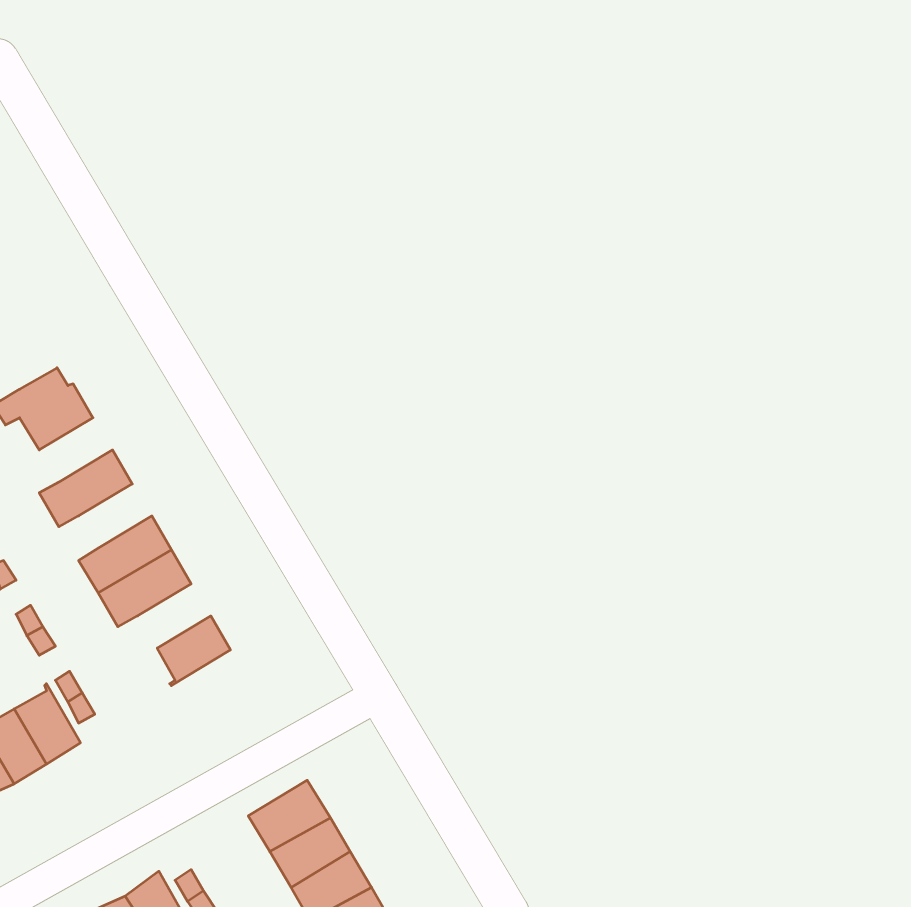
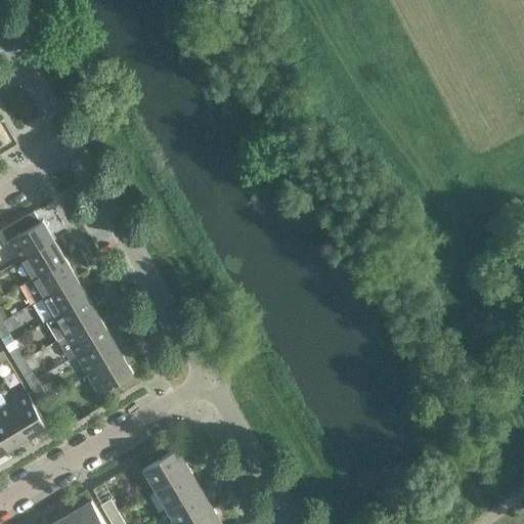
building: none -> [23,243,64,279]
building: none -> [45,280,87,317]
building: none -> [79,338,121,375]

